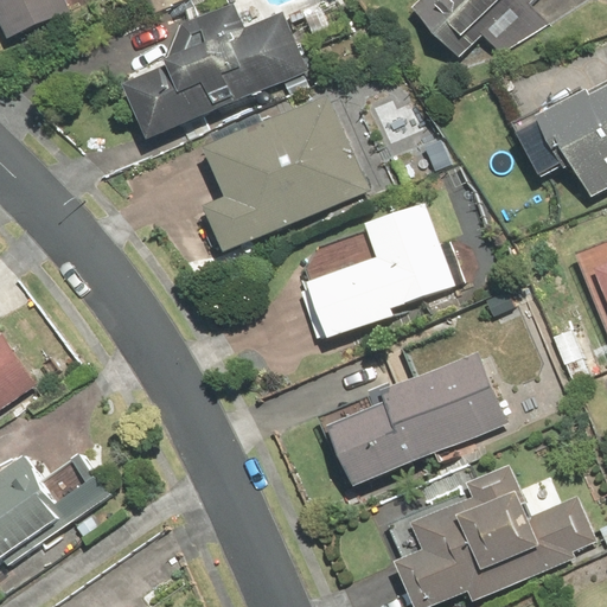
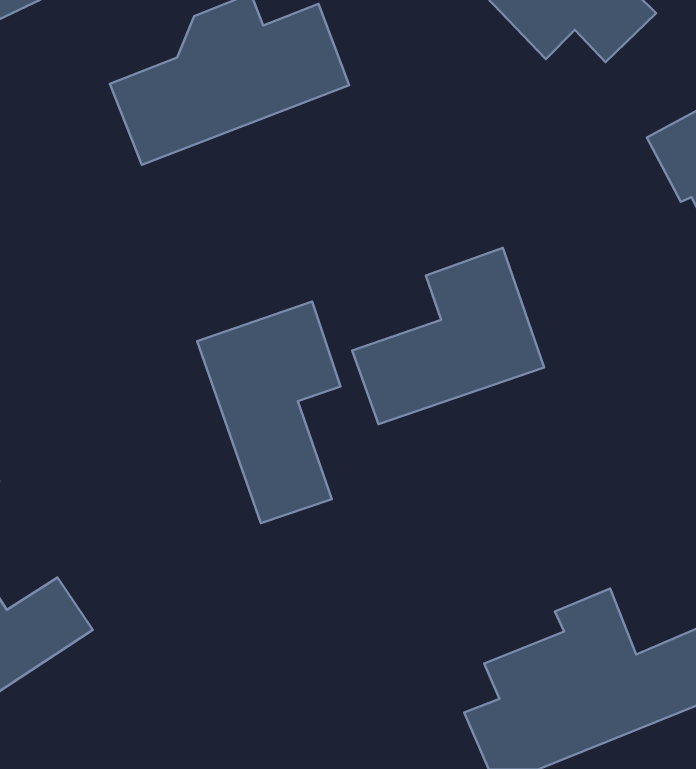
building: [202,96,366,251] -> none
building: none -> [197,301,341,523]
building: [325,356,505,486] -> none

